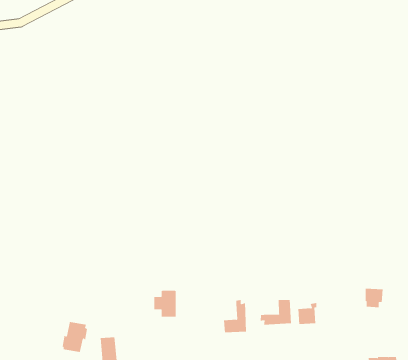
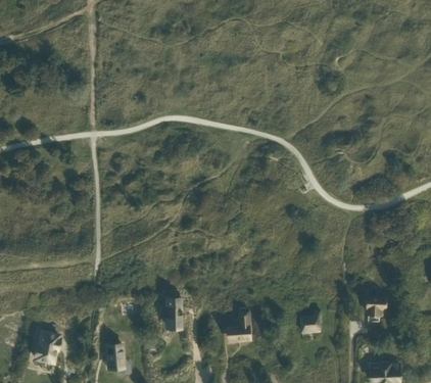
building: [260,299,292,326] -> none
building: [62,322,88,353] -> [35,331,60,362]

